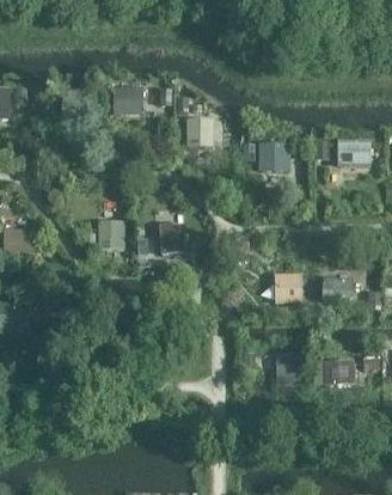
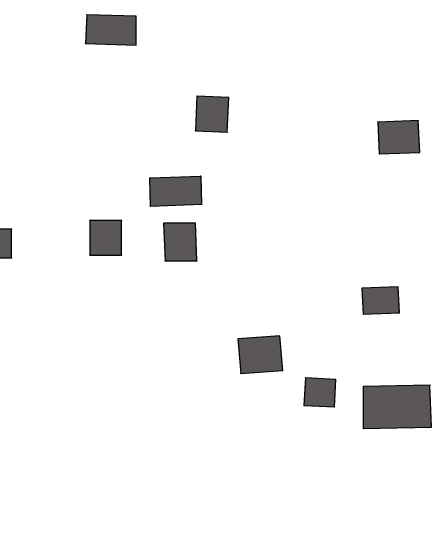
building: [108,91,149,116] -> [85,15,136,45]
building: [255,138,288,167] -> none
building: none -> [150,176,202,206]
building: [268,271,305,302] -> [238,336,283,374]

